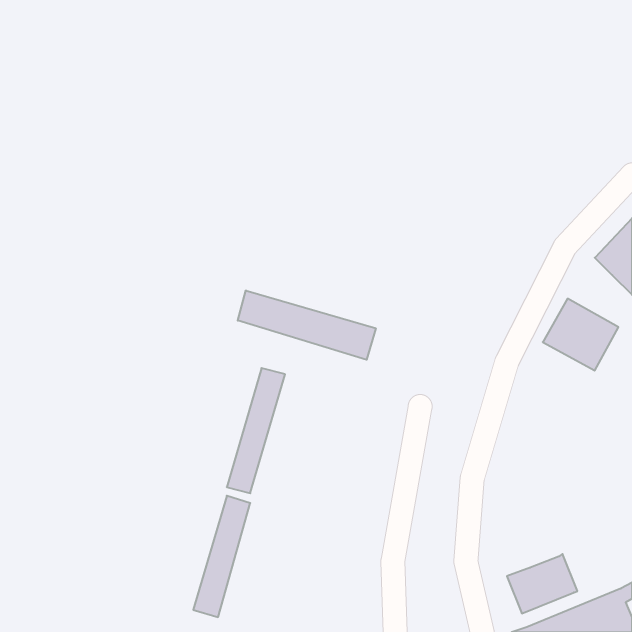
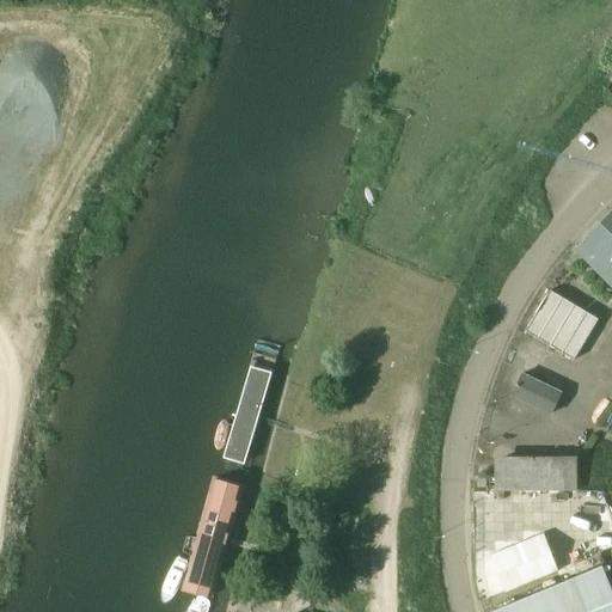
building: [238,290,376,360] -> none
building: none -> [510,374,557,414]
building: none -> [494,461,576,490]

